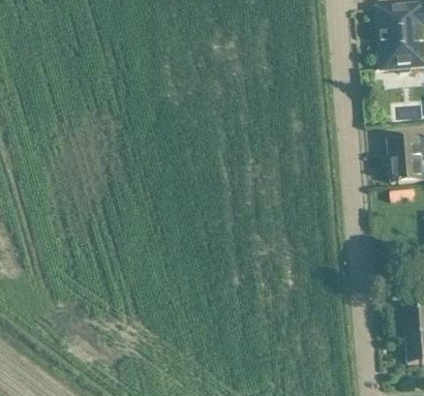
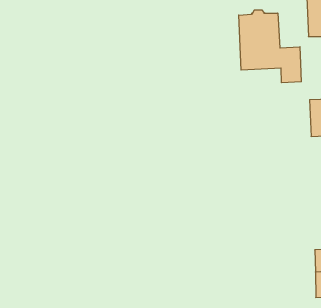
building: none -> [239,10,301,83]

